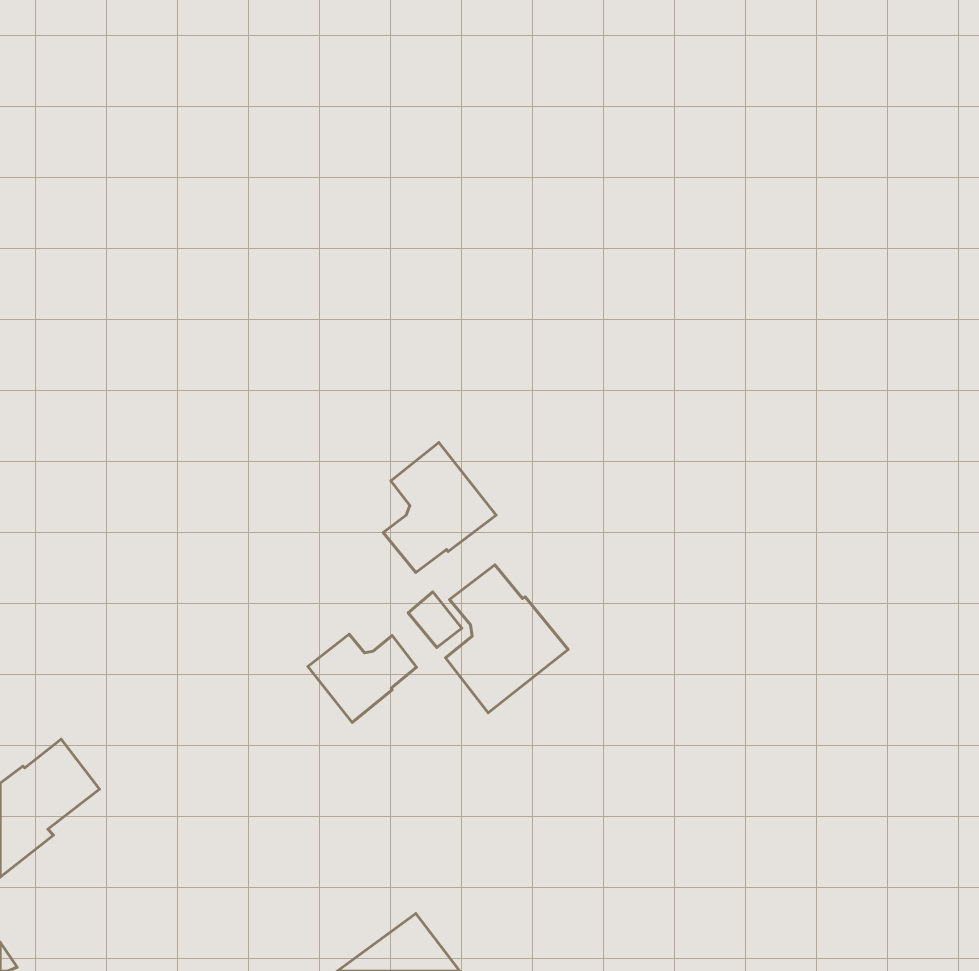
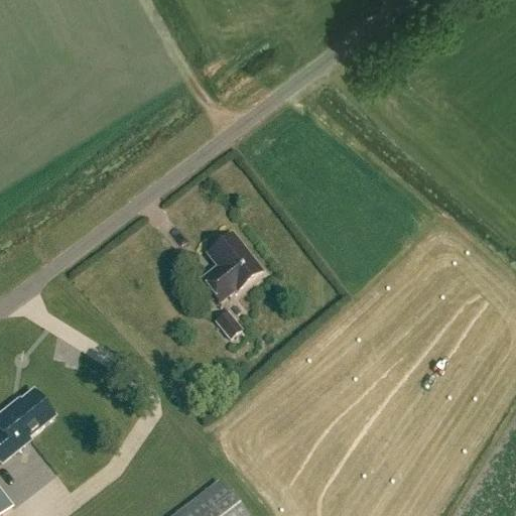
building: [445,565,568,713] -> none
building: [308,634,416,723] -> none

